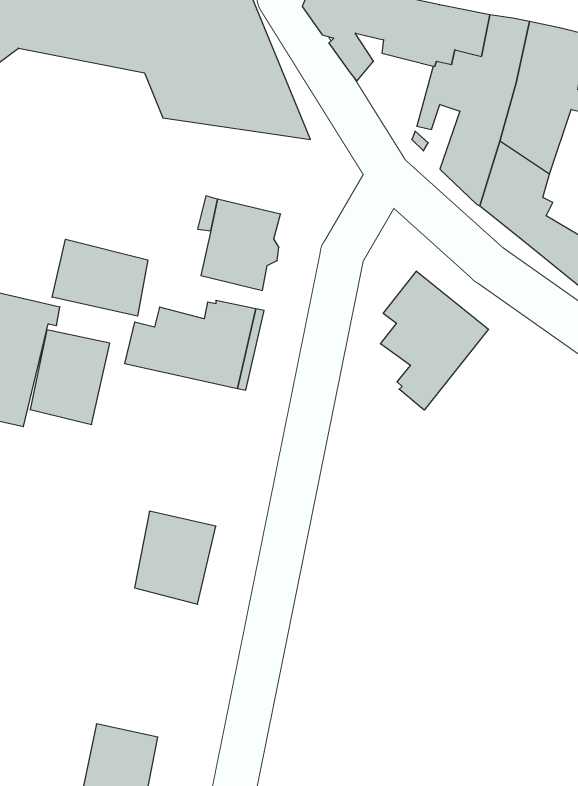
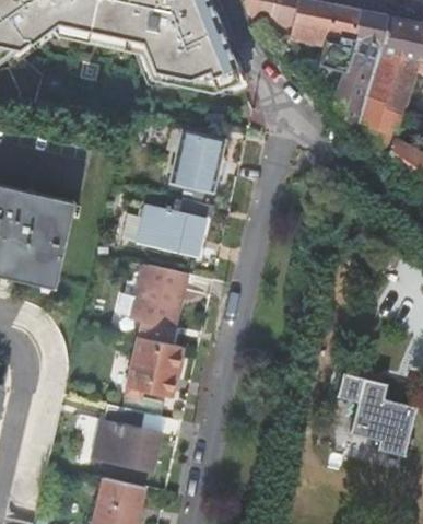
building: [52,239,148,316] -> none
building: [380,271,489,410] -> none
building: [30,330,110,425] -> [134,264,187,326]
building: none -> [341,372,416,455]
building: none -> [92,404,163,473]

